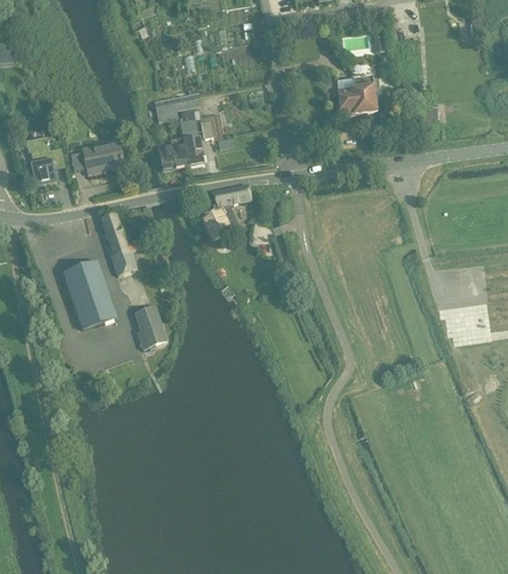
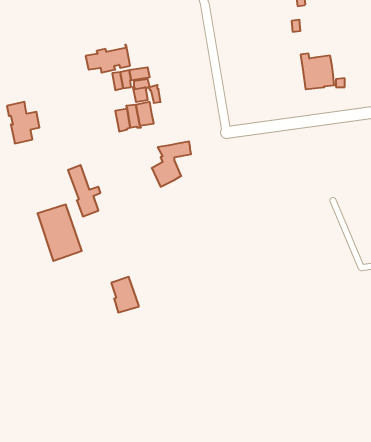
building: [335,71,376,114] -> [301,54,334,89]
building: [70,139,124,173] -> [86,45,130,73]
building: [133,304,167,347] -> [111,277,139,312]

